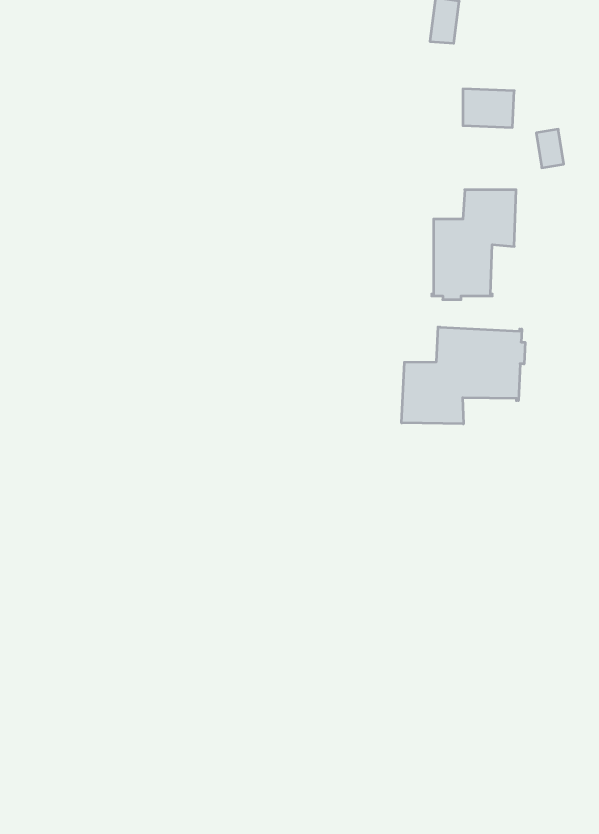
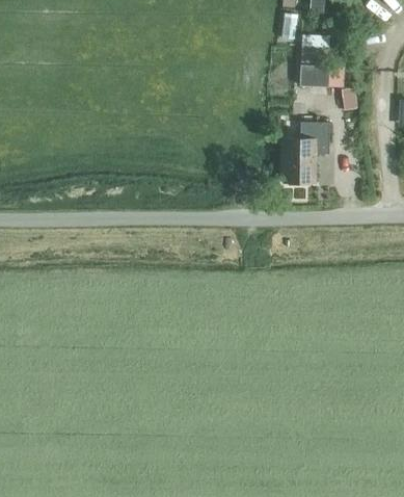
building: [402,327,525,424] -> none

